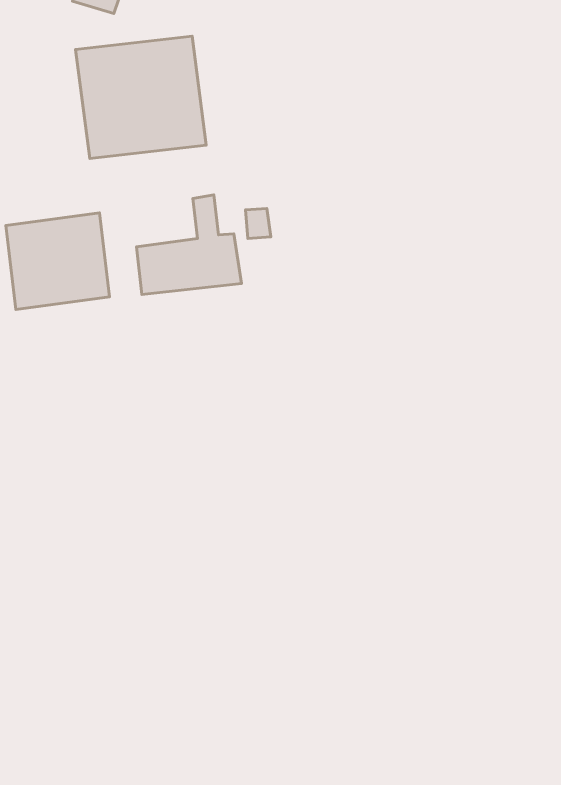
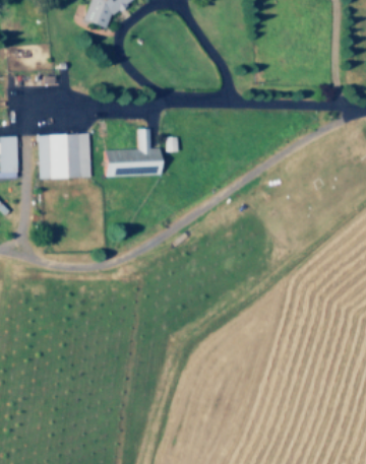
building: [76,36,206,158] -> none

